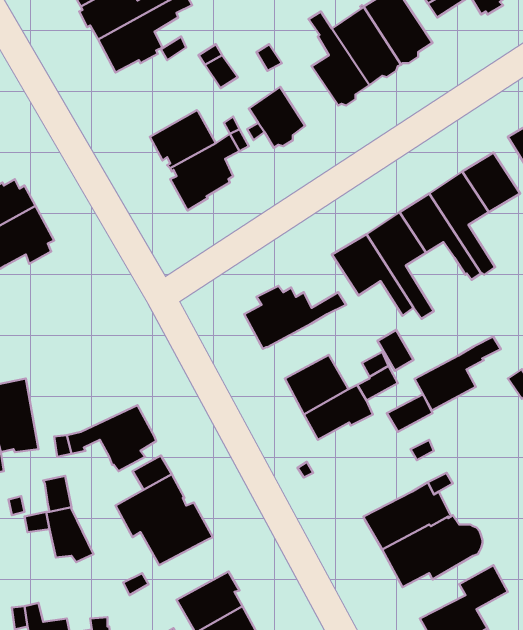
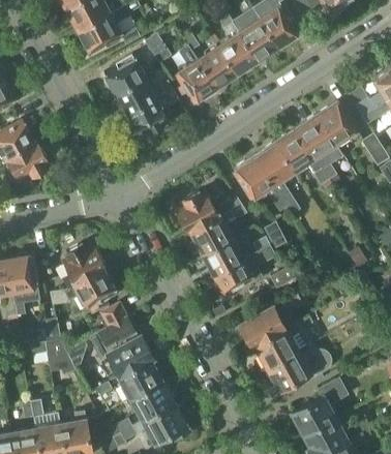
building: none -> [199,48,237,87]
building: none -> [103,55,146,94]
building: [415,337,501,410] -> [190,205,247,253]
building: none -> [62,242,109,289]
building: none -> [239,306,285,349]
building: none -> [119,360,164,399]

